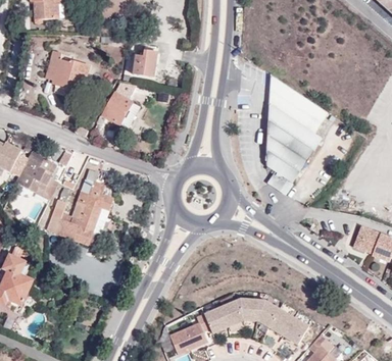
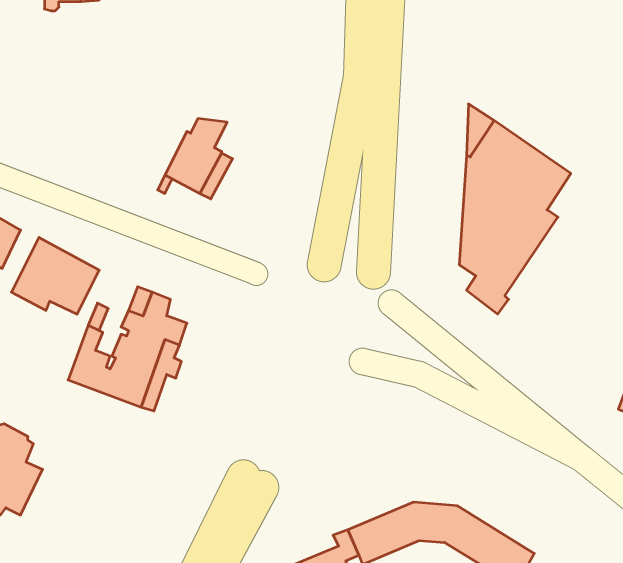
building: [46,51,91,90] -> none
building: [134,51,157,76] -> none

